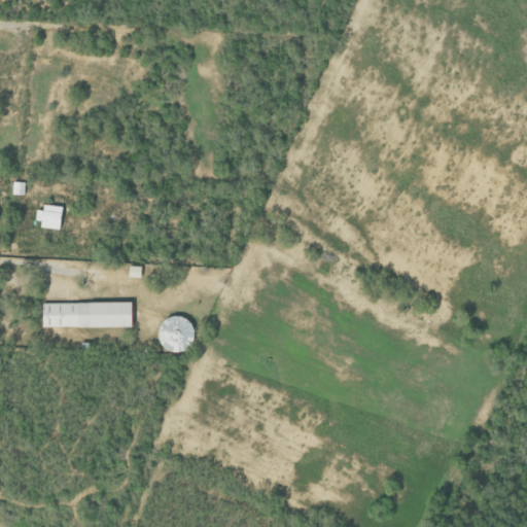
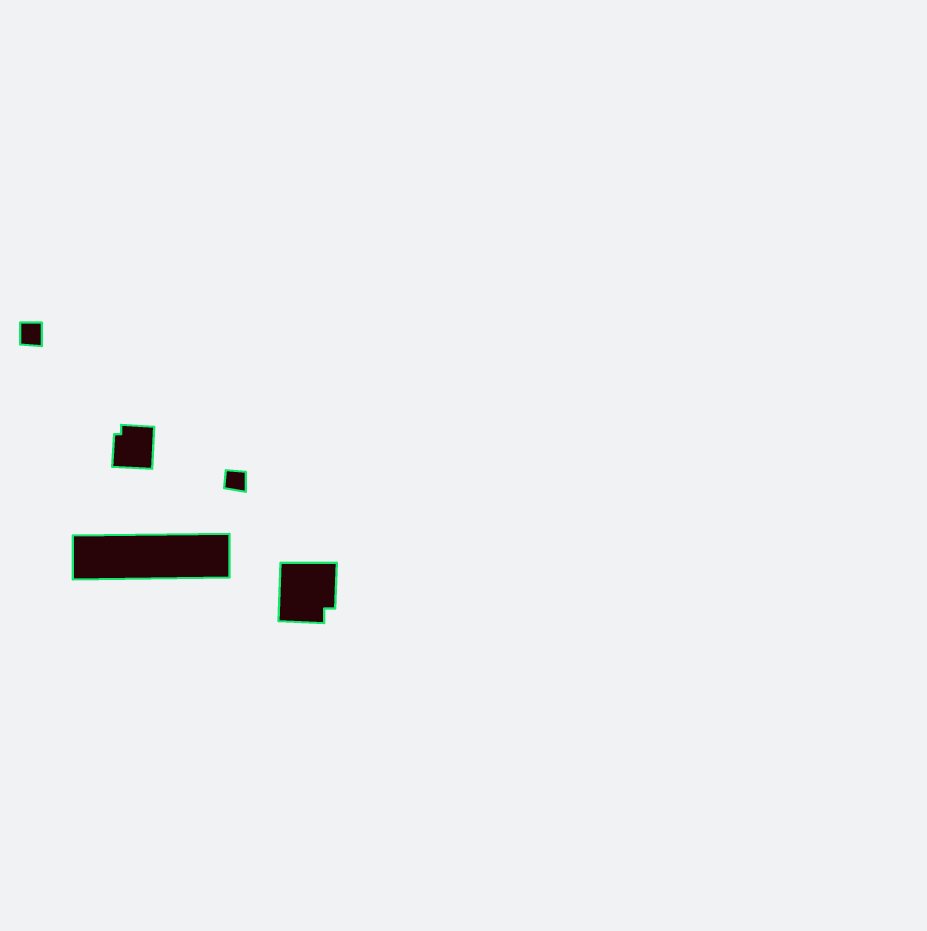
building: [38,205,62,230] -> [112,425,154,469]

